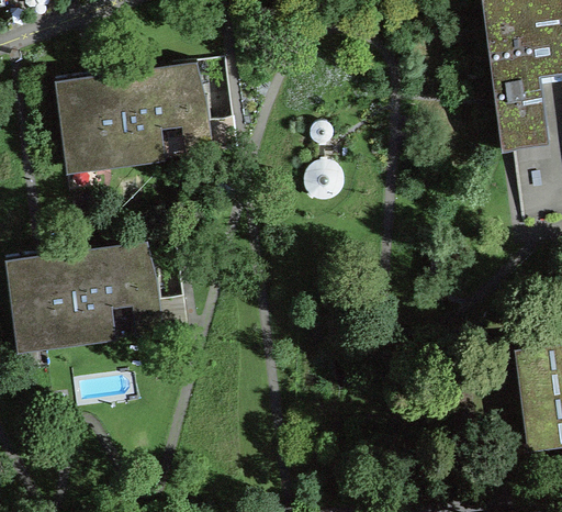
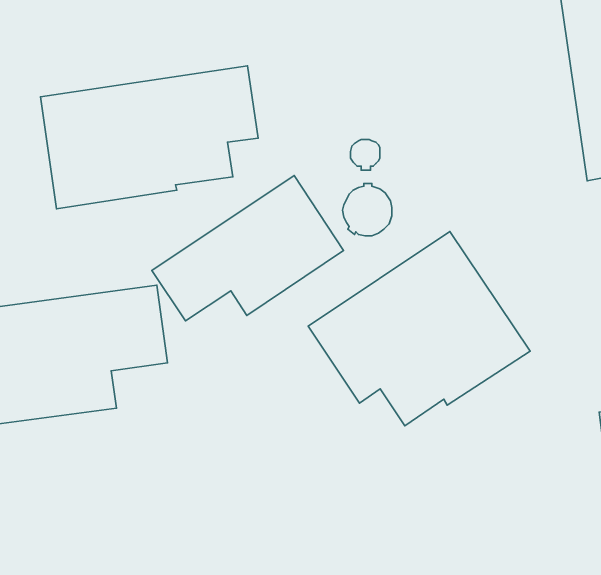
building: none -> [152,176,344,321]
building: none -> [308,232,530,426]

